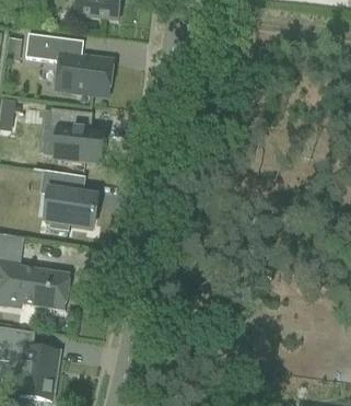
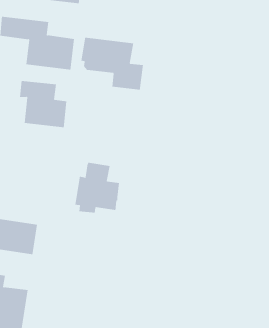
building: none -> [81,37,143,91]
building: [44,171,96,230] -> [75,162,120,213]

